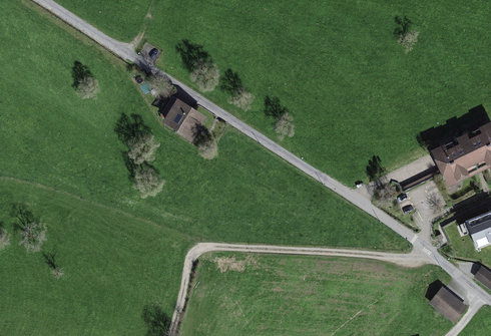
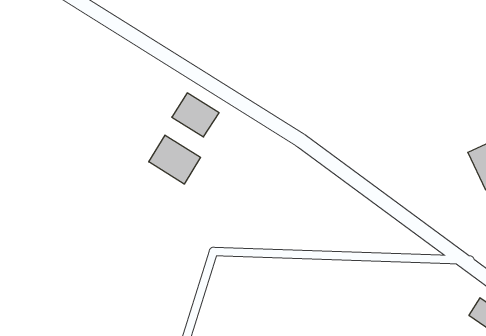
building: none -> [149,135,201,184]

